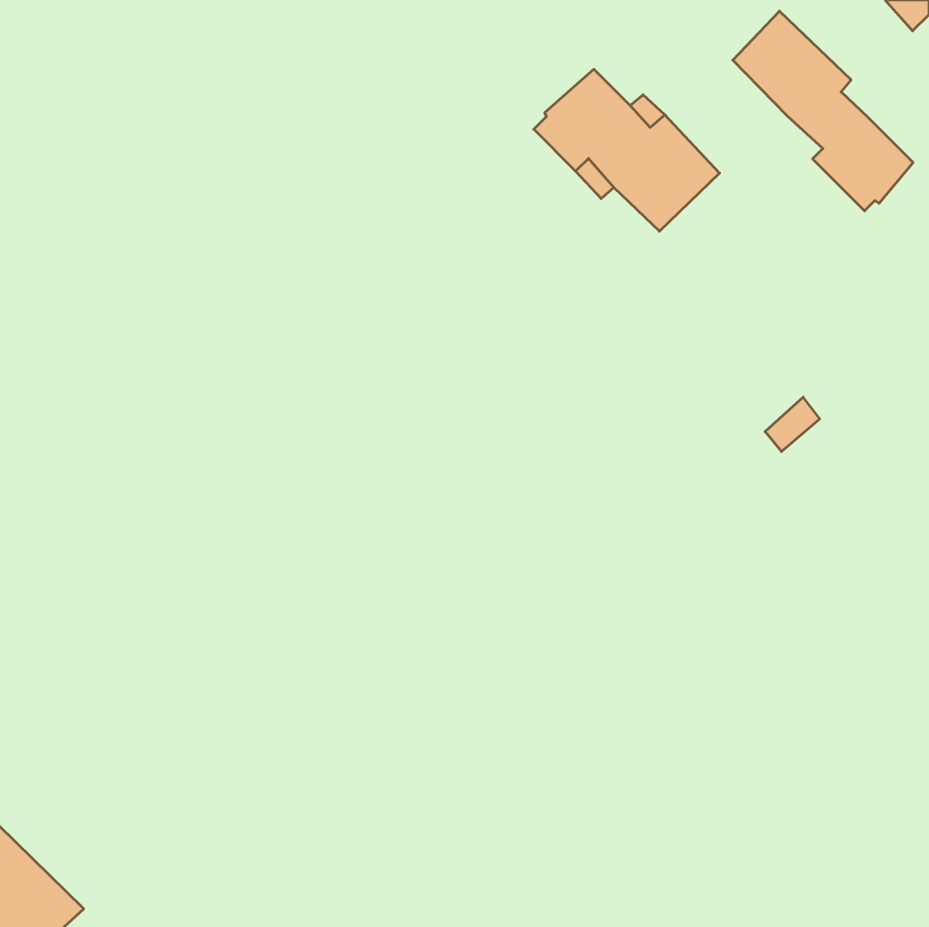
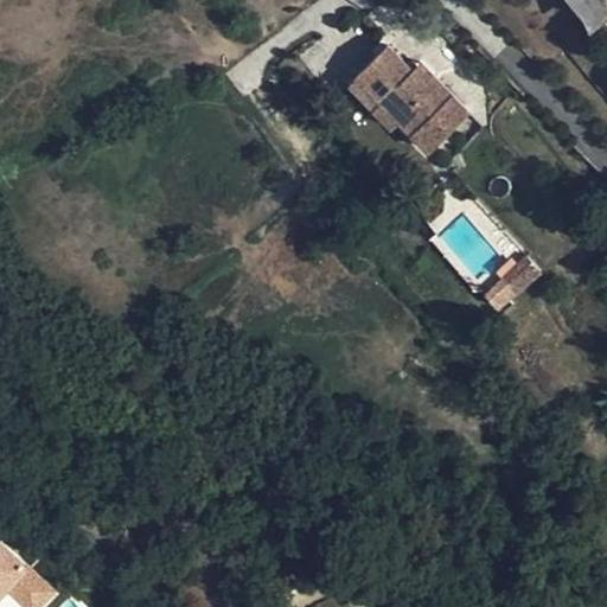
building: [733,11,913,211] -> none

